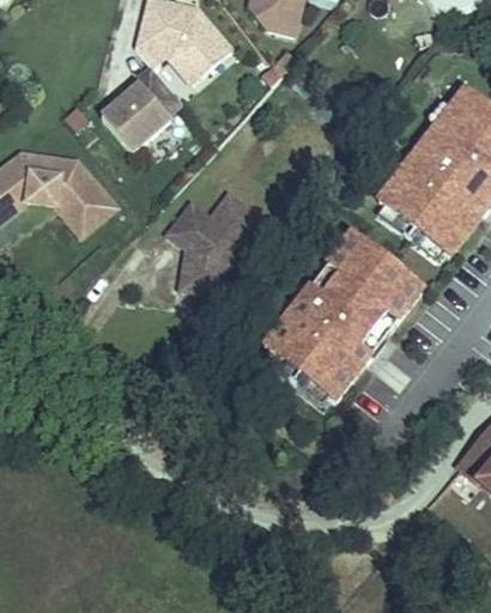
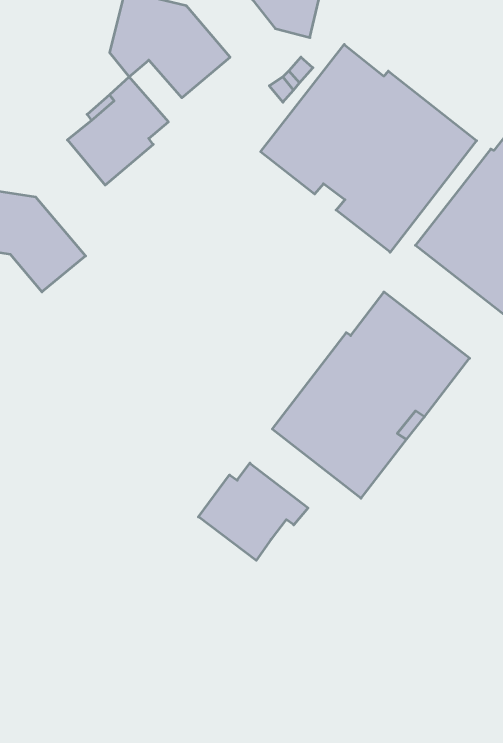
building: none -> [261,44,477,252]
building: [166,192,261,293] -> none
building: none -> [198,463,308,560]

